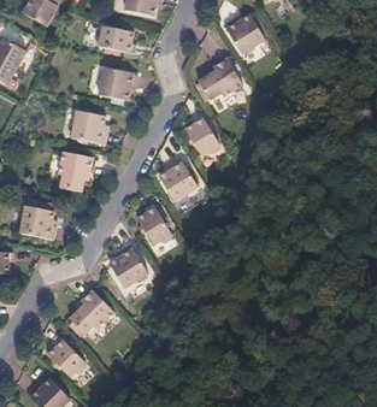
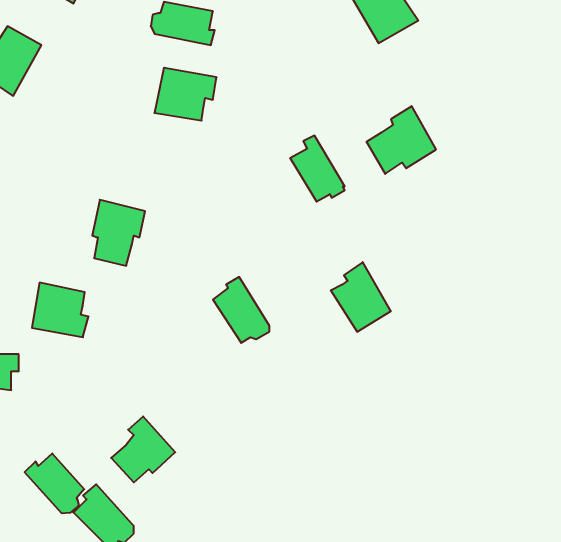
building: [200,55,245,99] -> [366,106,436,174]
building: [71,111,107,144] -> none
building: [159,157,198,201] -> [331,262,391,332]
building: [107,243,148,288] -> none
building: none -> [25,453,84,513]

